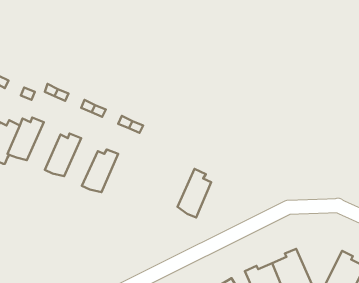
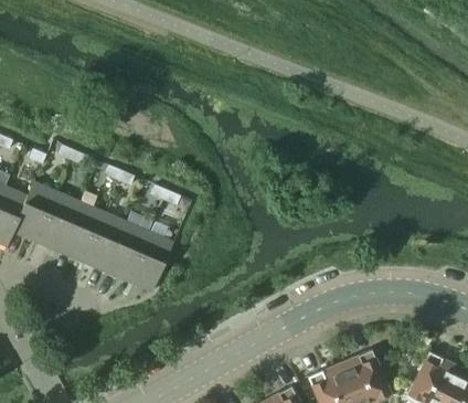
building: none -> [35,191,77,251]
building: none -> [82,211,124,271]
building: [178,169,211,218] -> [128,231,170,291]

